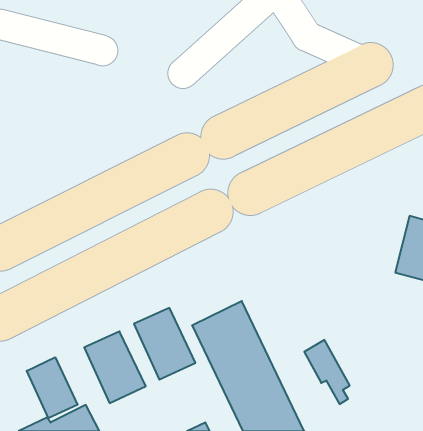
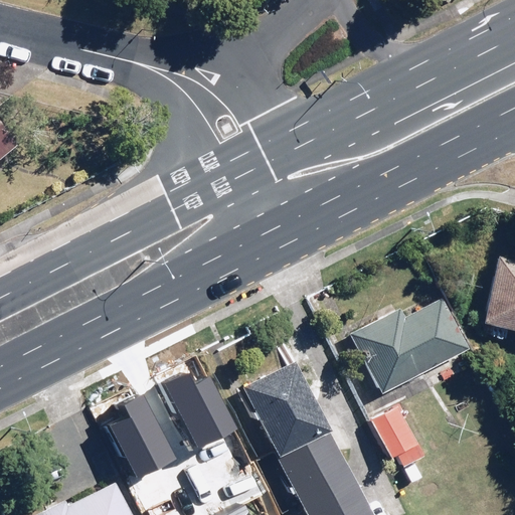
building: none -> [347,297,468,395]
building: [27,357,78,418] -> none

